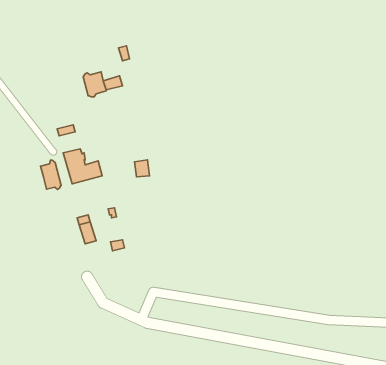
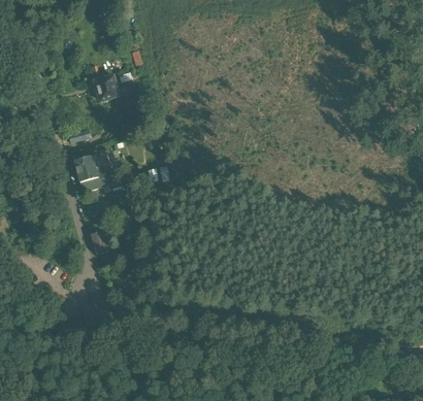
building: [40,160,61,190] -> none

